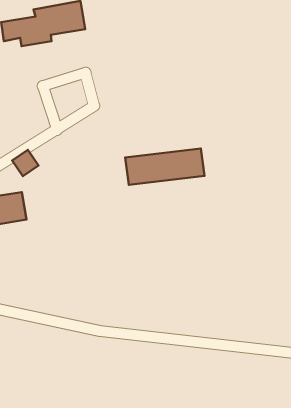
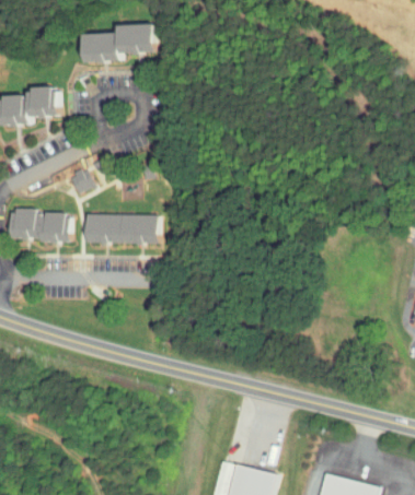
building: [125,149,204,185] -> [84,214,163,244]

